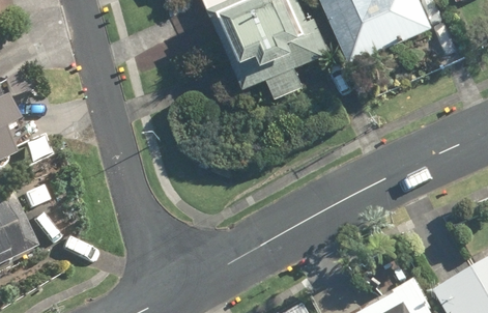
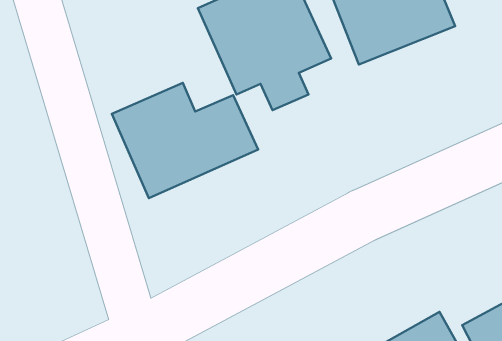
building: none -> [112,83,258,198]

